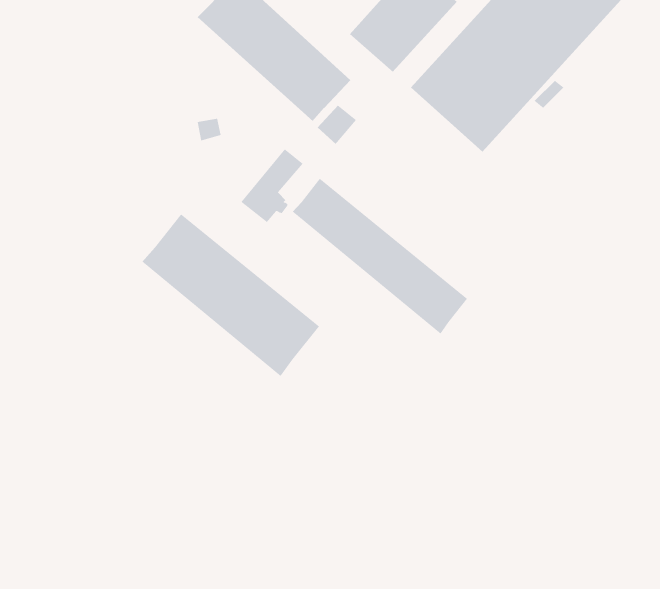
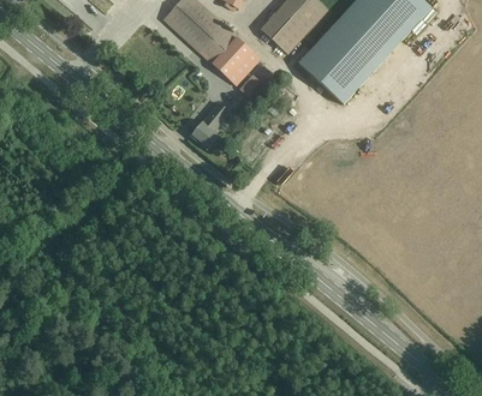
building: [292,178,468,335] -> none
building: [142,213,320,377] -> none

